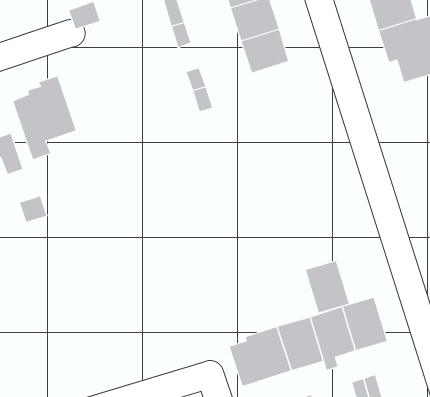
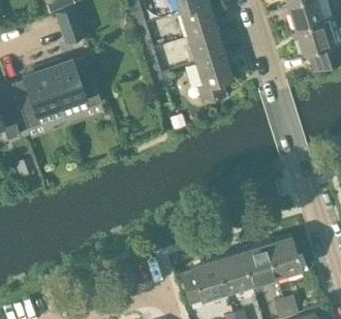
building: none -> [196,54,234,103]
building: none -> [47,59,101,109]
building: [305,260,350,313] -> none

